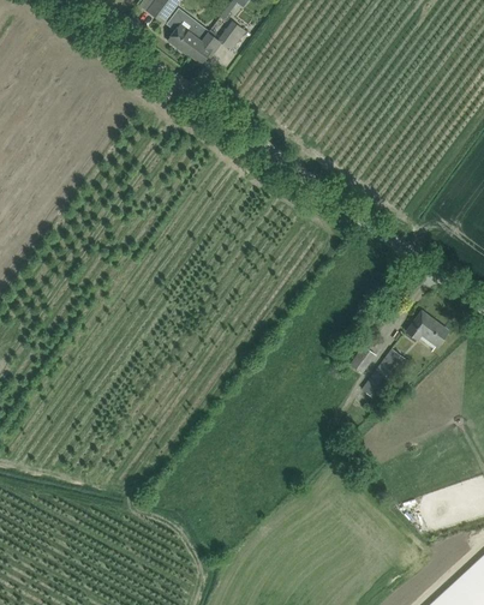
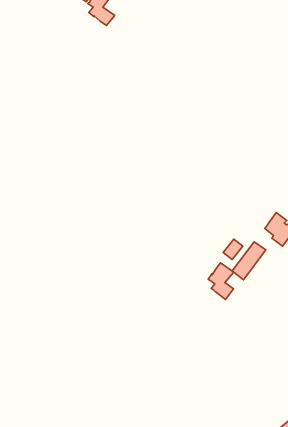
building: [191,28,246,64] -> none
building: none -> [208,263,233,300]

